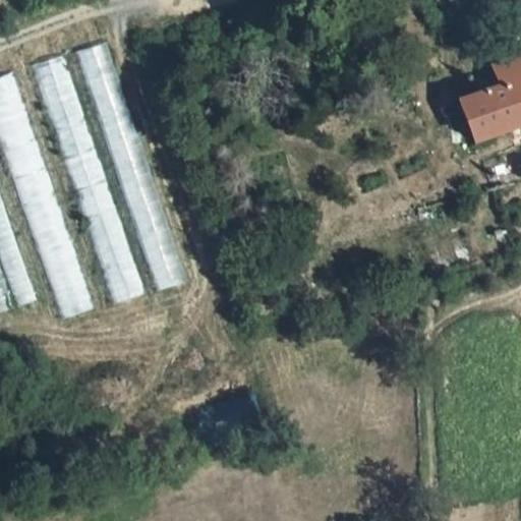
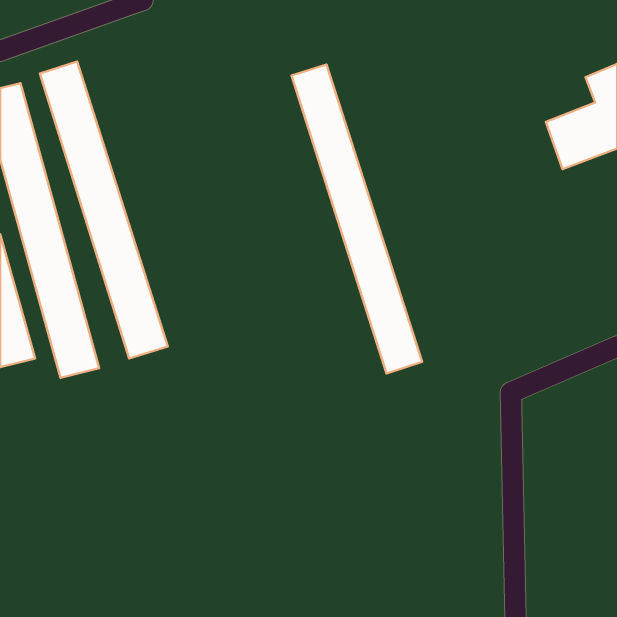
building: [78,39,182,290] -> none
building: none -> [292,64,422,374]

